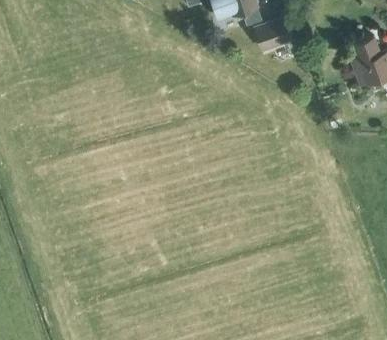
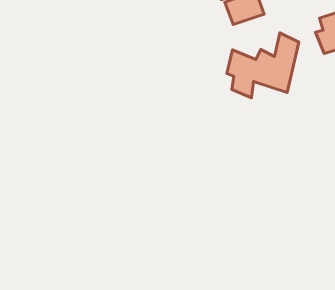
building: none -> [227,33,299,98]

